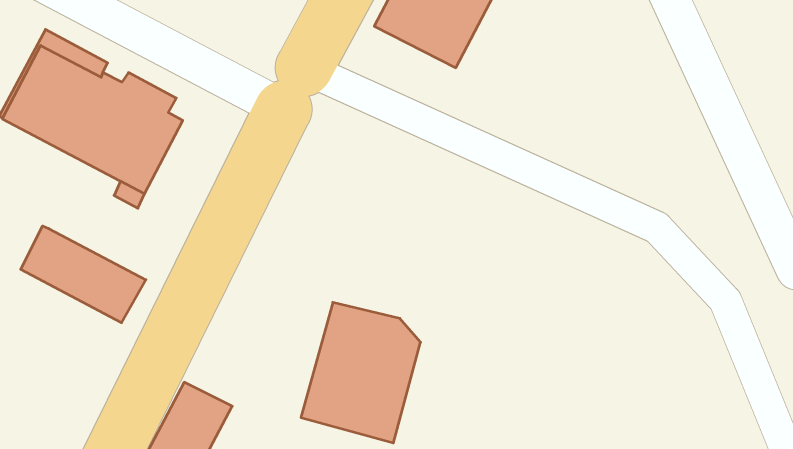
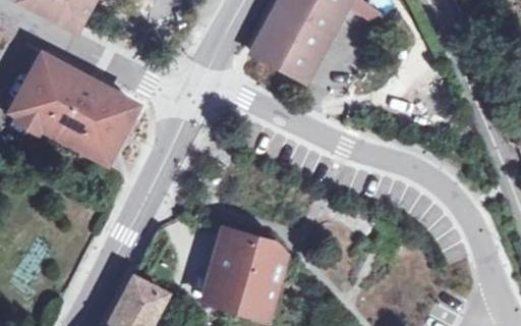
building: [21,226,146,323] -> none

